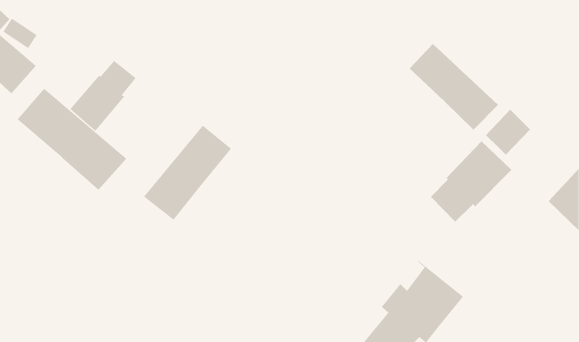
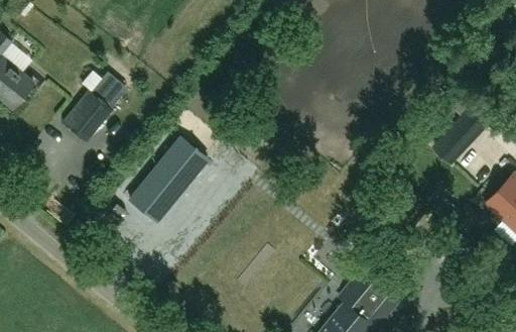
building: [409,43,499,130] -> none
building: [17,88,127,190] -> none
building: [430,141,512,222] -> none

